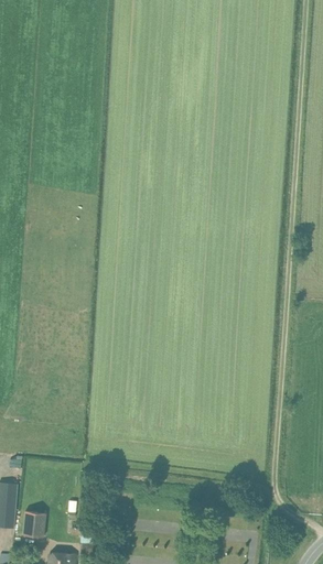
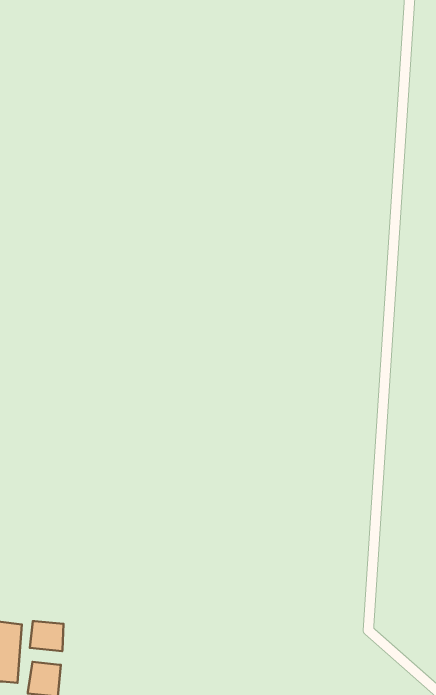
building: none -> [30,621,63,651]

